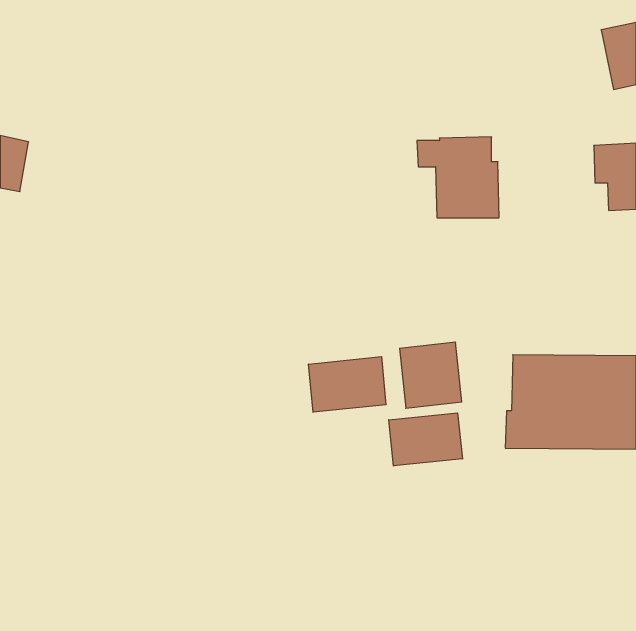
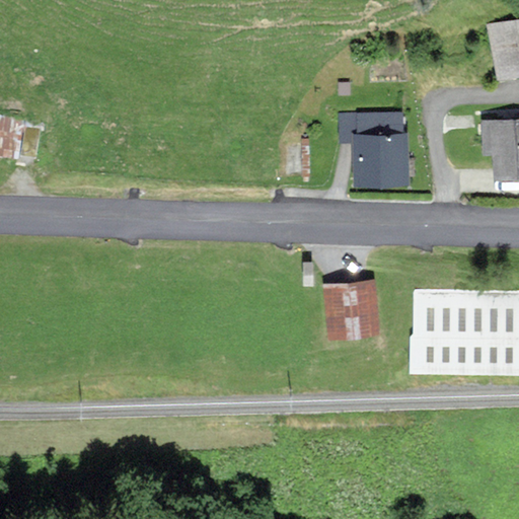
building: [309,357,386,412] -> none
building: [389,413,462,466] -> none

